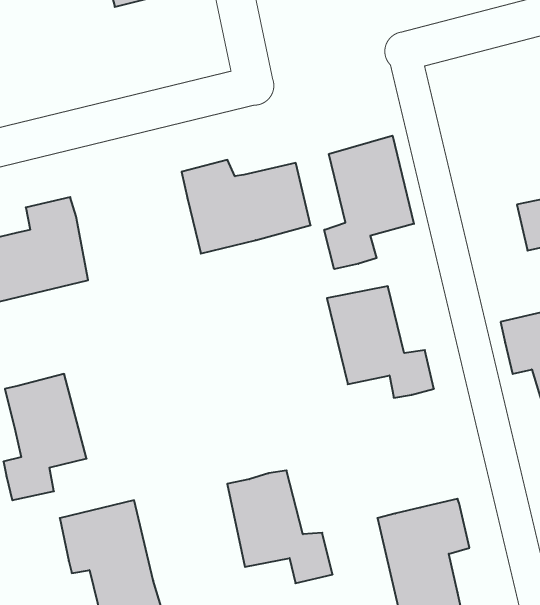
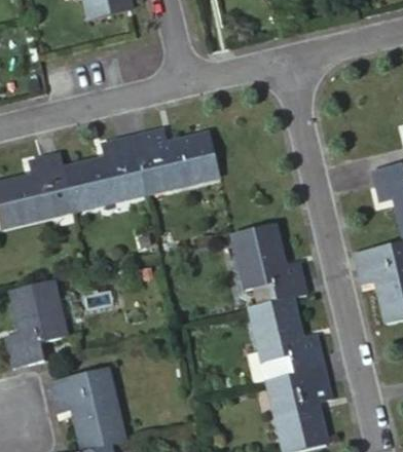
building: [324,136,414,269] -> none
building: none -> [61,140,147,215]
building: [227,470,333,583] -> [252,294,325,372]

